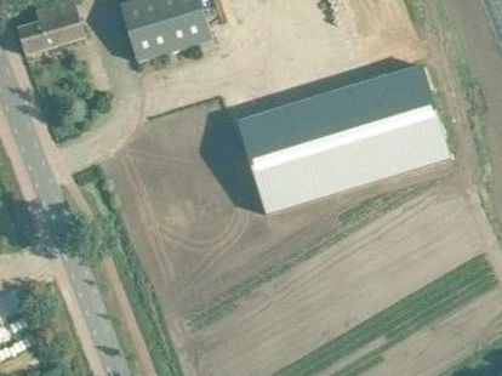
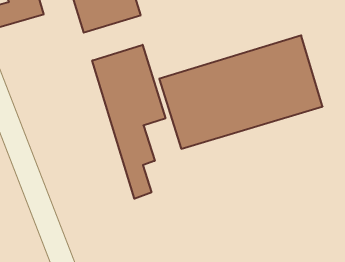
building: none -> [92,45,165,199]

